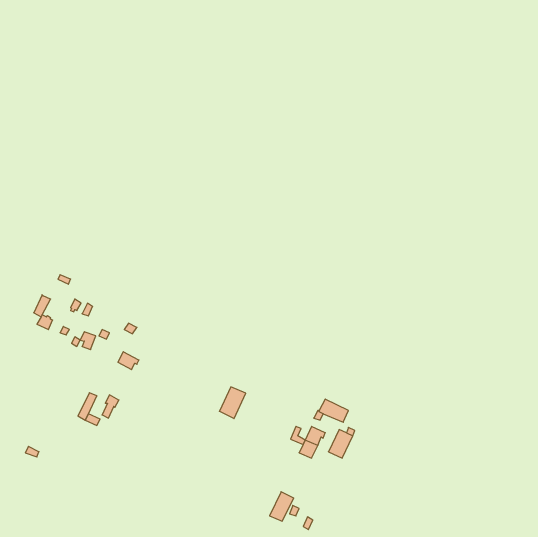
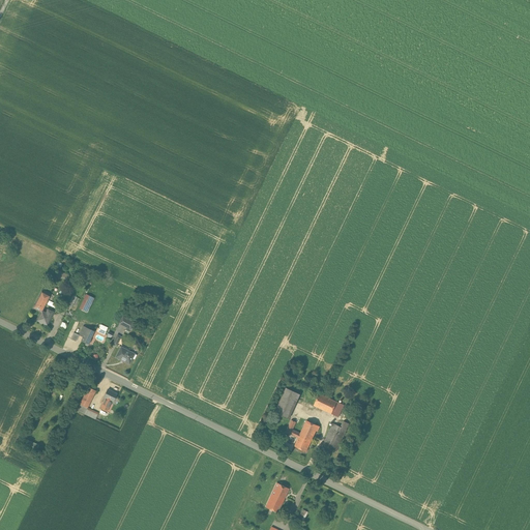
building: [219,387,246,419] -> [274,387,300,418]

